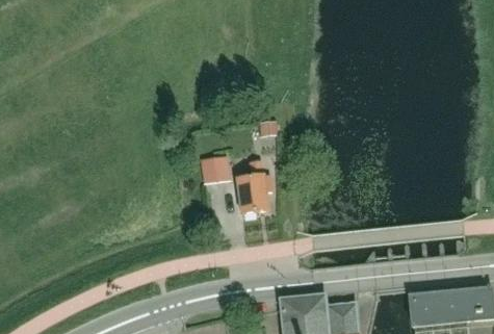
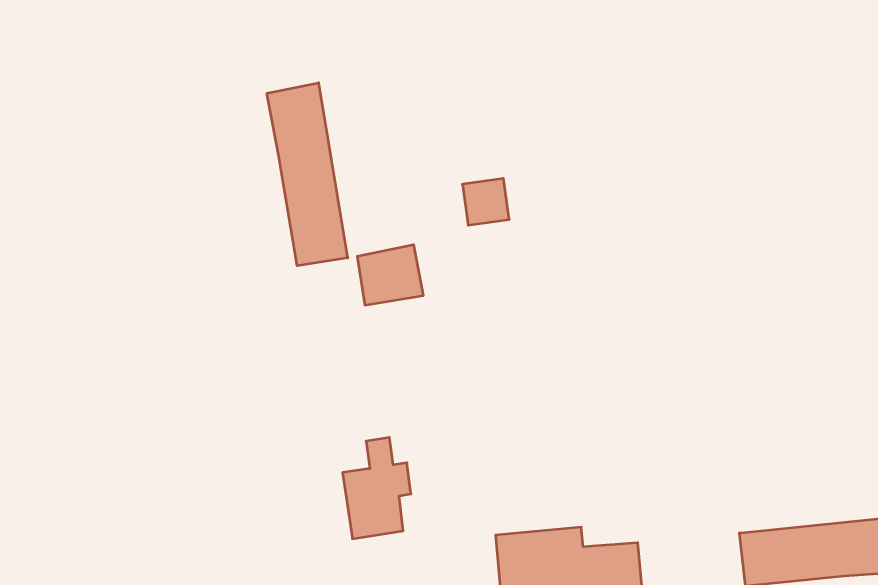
building: none -> [267,83,348,266]
building: [236,160,272,214] -> [343,437,411,539]

